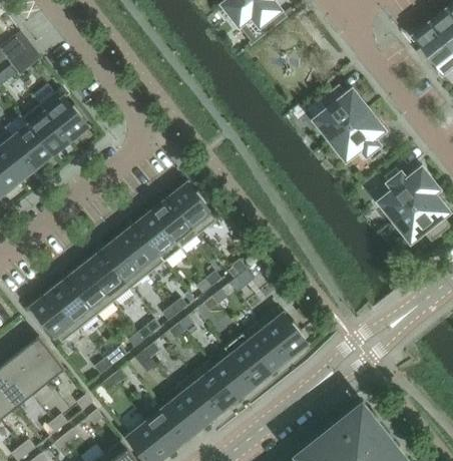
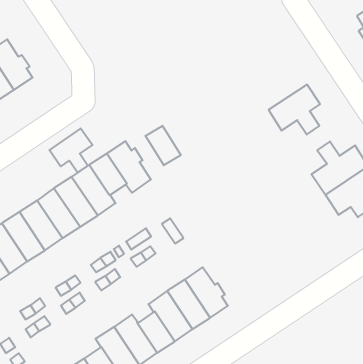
building: [314,85,367,140] -> none
building: none -> [145,126,181,165]
building: none -> [49,128,93,172]

